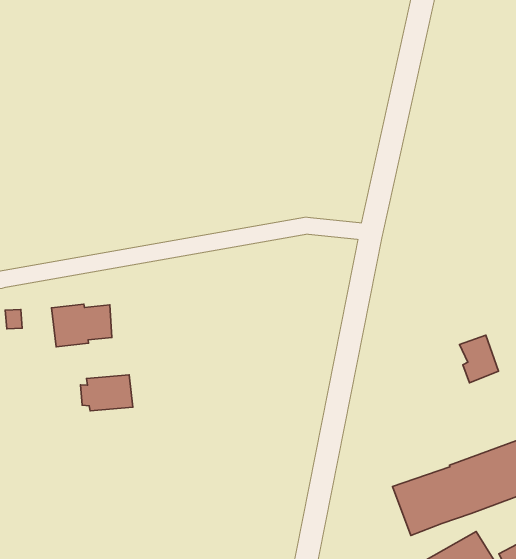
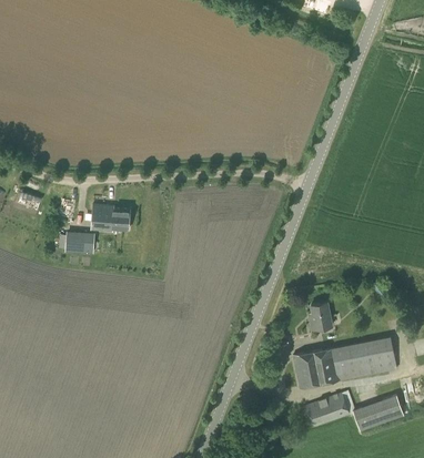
building: [460,335,499,383] -> [310,302,332,330]
building: [81,375,133,411] -> [61,231,94,254]

